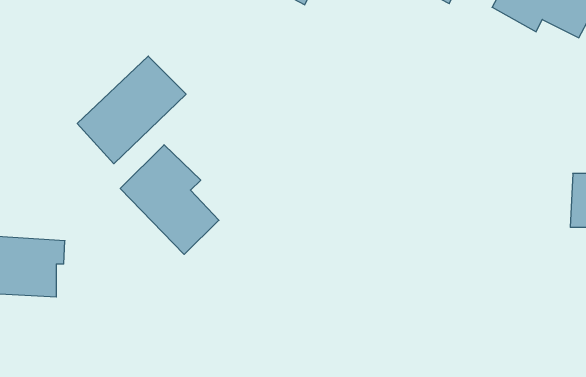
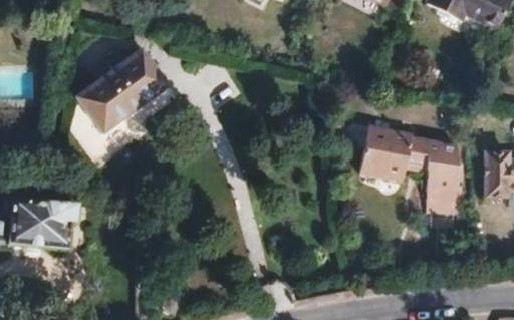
building: none -> [364,122,463,209]
building: [120,145,219,254] -> none

